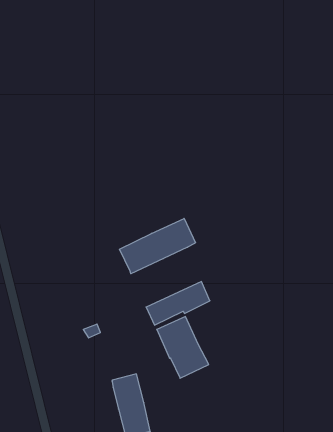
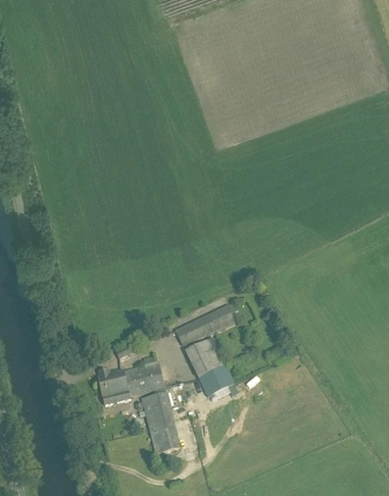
building: [120,218,195,274] -> none
building: none -> [97,359,163,404]

